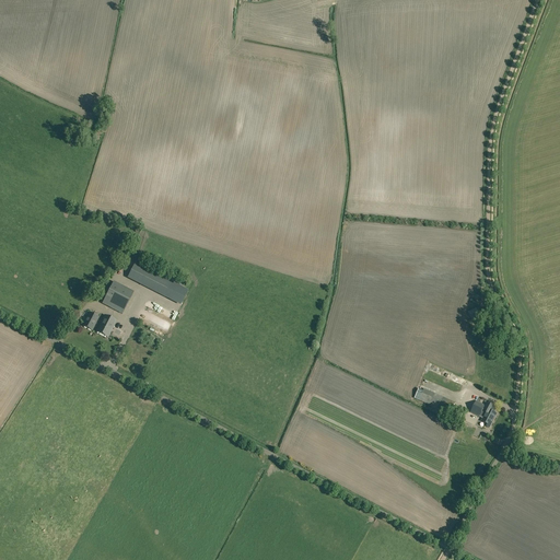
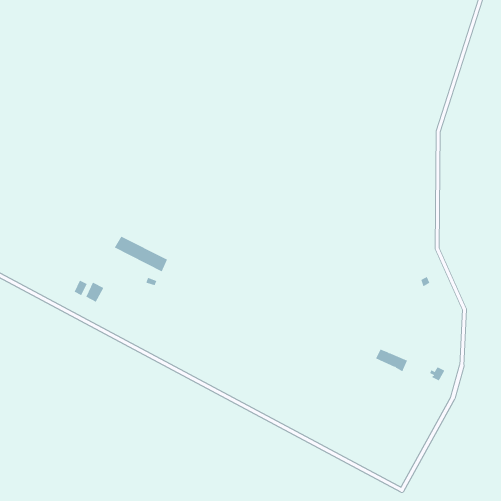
building: [102,281,132,313] -> none

